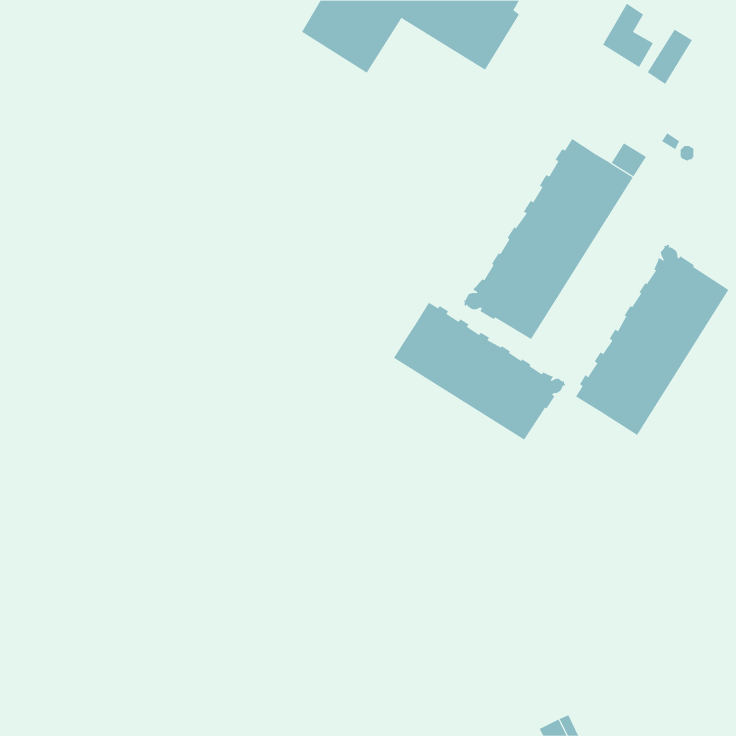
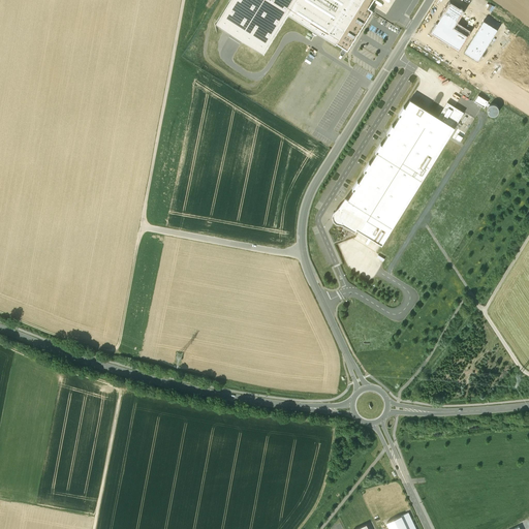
building: [575,244,729,436] -> none
building: [393,302,566,440] -> none

